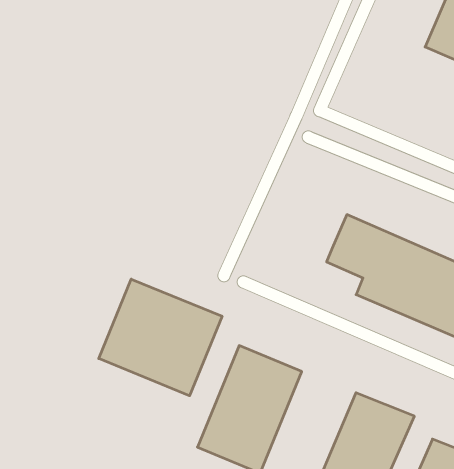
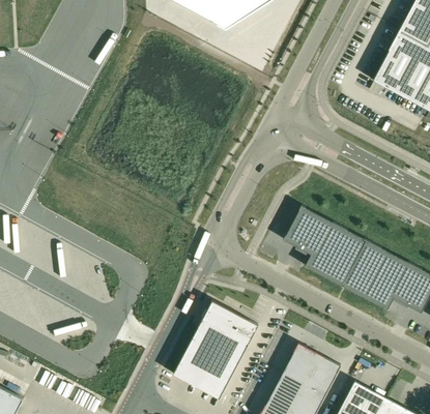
building: [99,279,222,396] -> none

